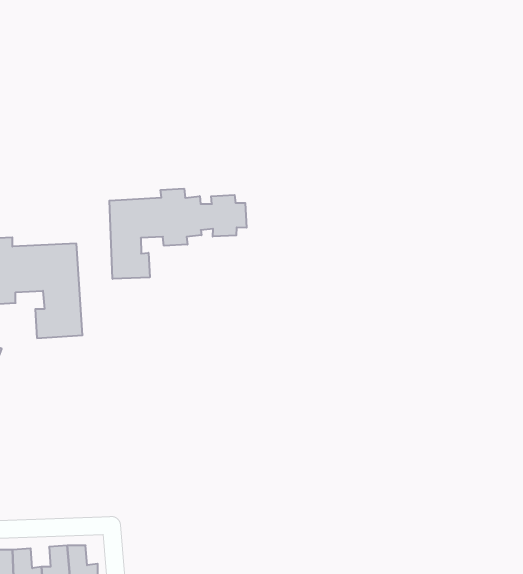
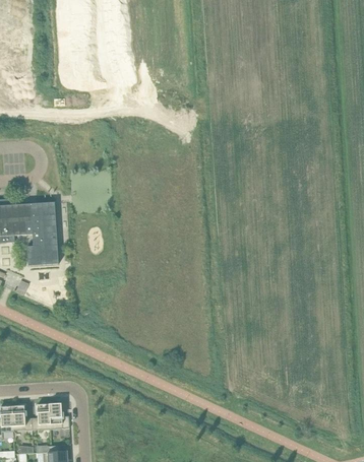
building: [109,189,247,279] -> none

